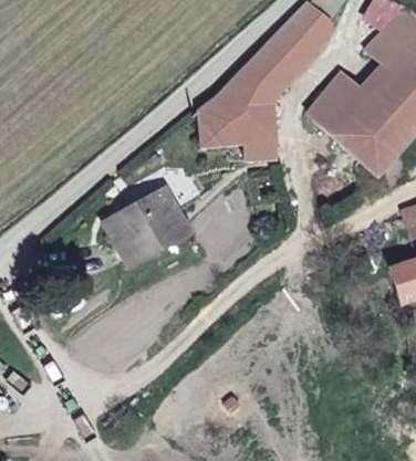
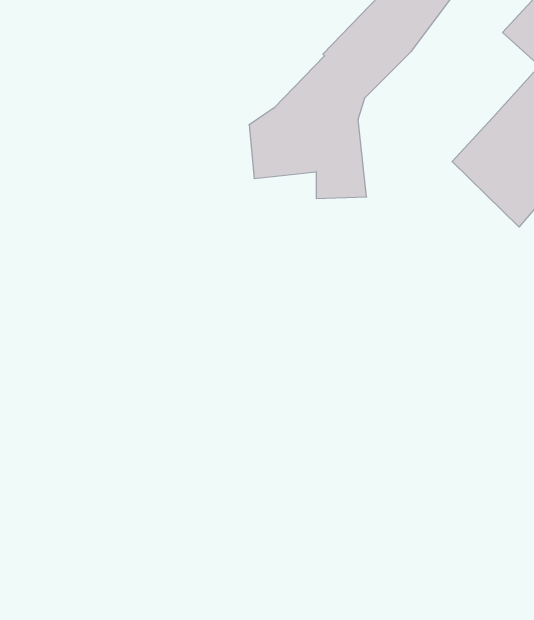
building: [309,82,360,134] -> none
building: [105,188,189,265] -> none

